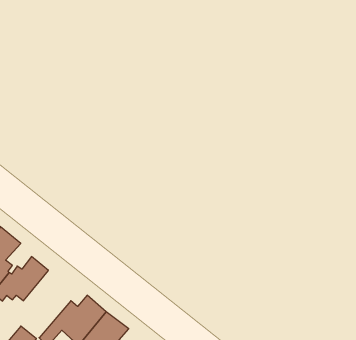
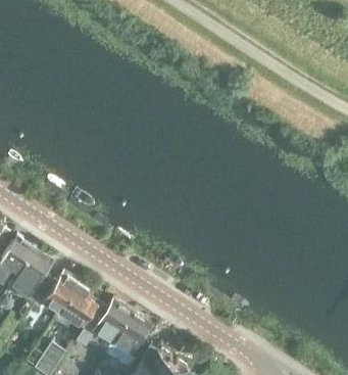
building: none -> [57,282,96,325]

